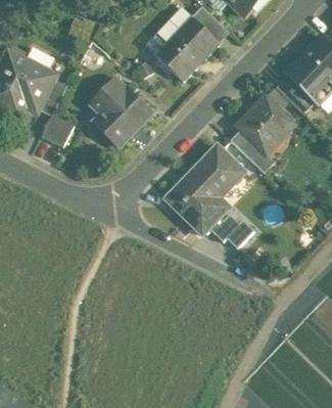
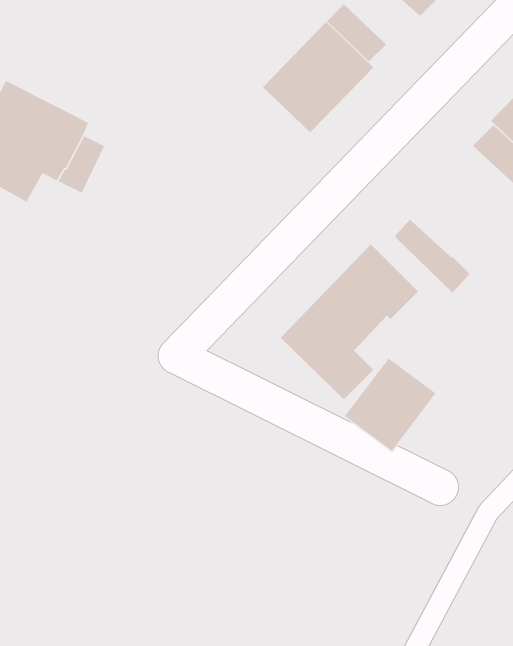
building: [93,79,150,146] -> none
building: [235,95,292,151] -> none
building: [41,114,74,146] -> none

